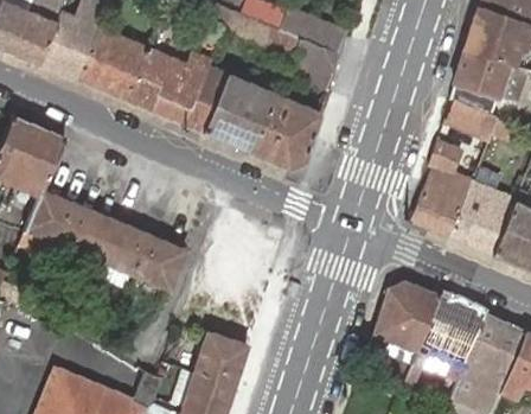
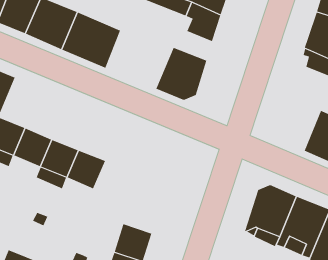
building: [185,68,275,152] -> none
building: [410,139,472,235] -> none

